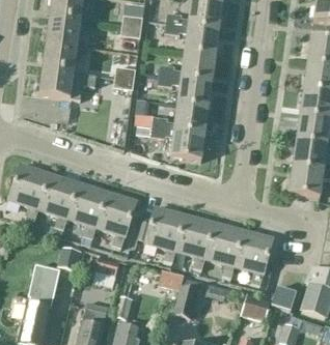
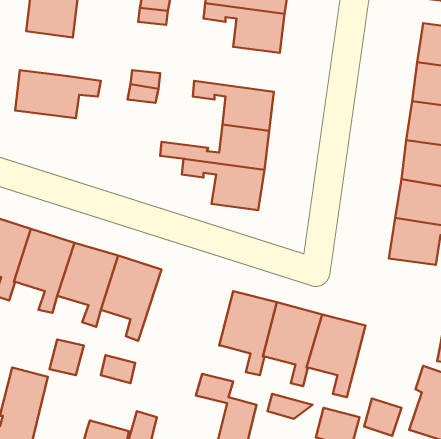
building: [43,41,78,71] -> none
building: [159,52,216,82] -> none
building: [146,206,185,263] -> none

